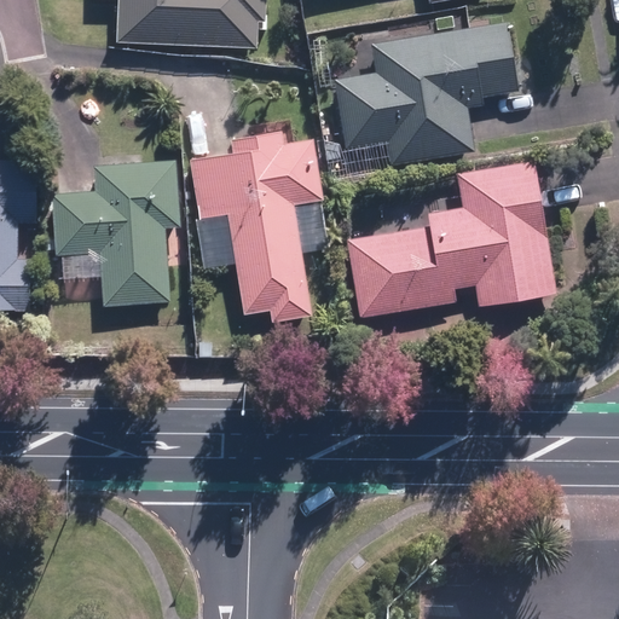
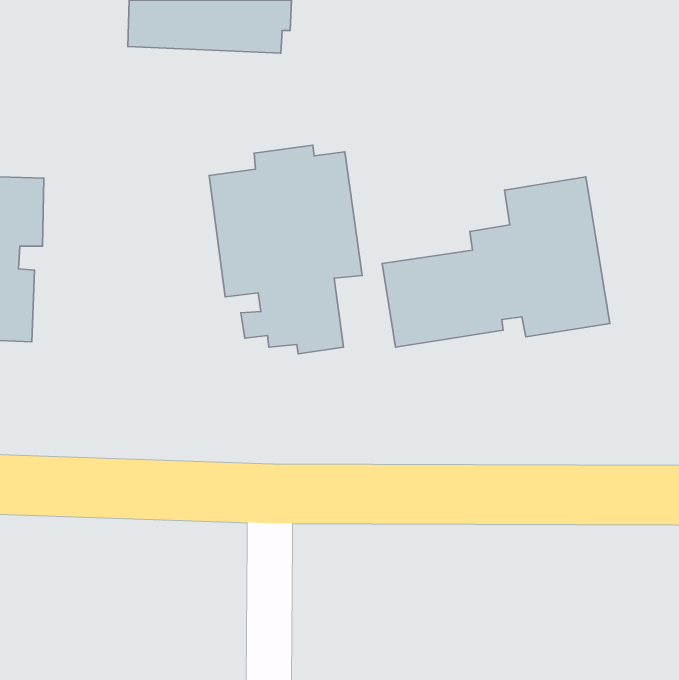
building: [332,18,521,167] -> none
building: [54,158,178,303] -> none

